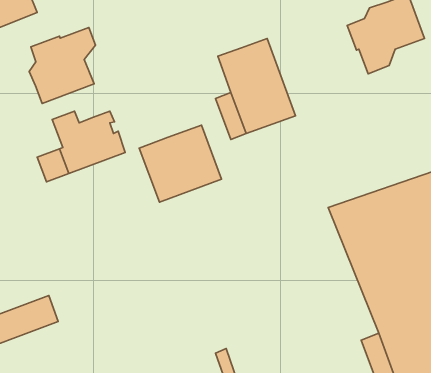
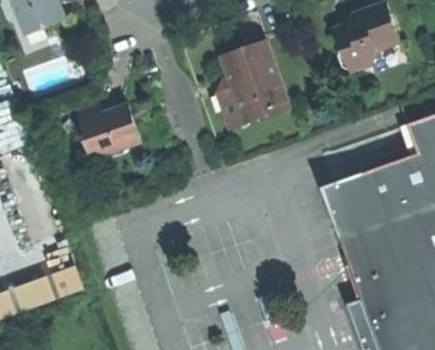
building: [29,27,95,104] -> none
building: [139,125,222,202] -> none

